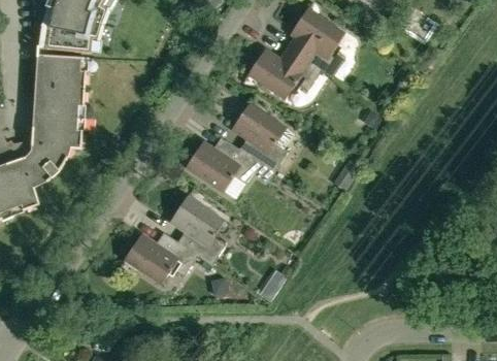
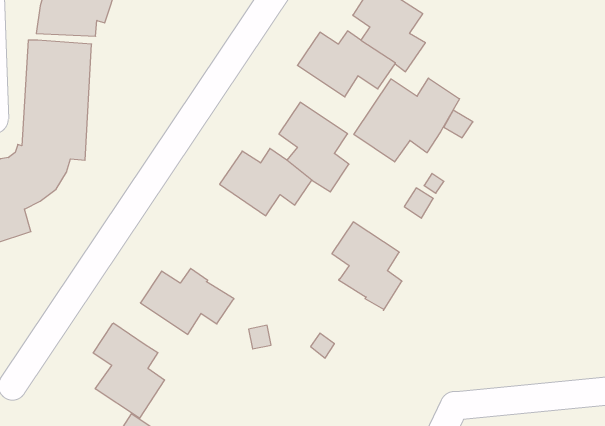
building: none -> [354,78,460,162]
building: [170,197,225,266] -> [332,222,402,310]
building: none -> [93,323,165,418]

